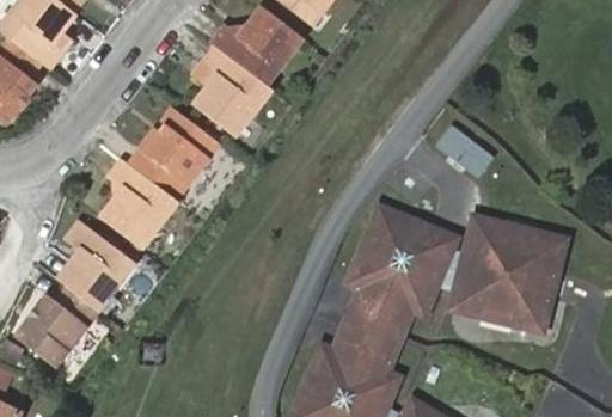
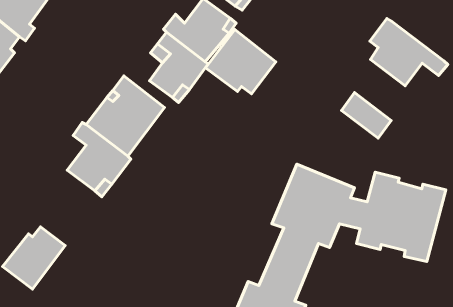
building: none -> [370,18,448,86]
building: none -> [205,29,276,94]
building: [63,222,135,307] -> none

